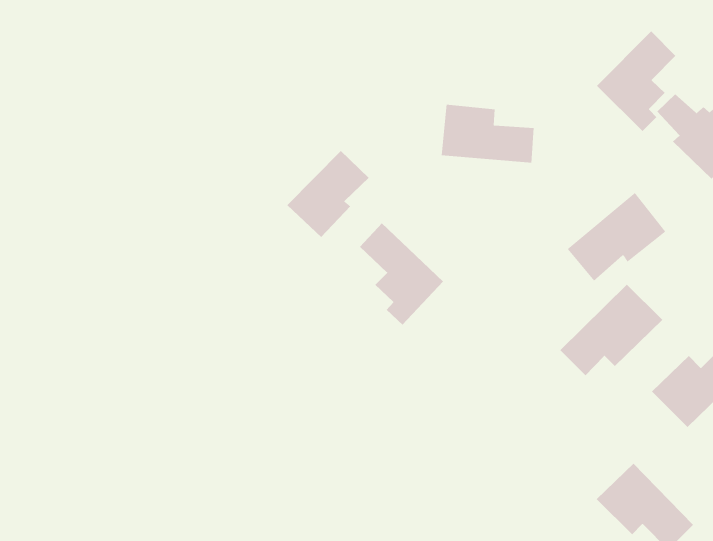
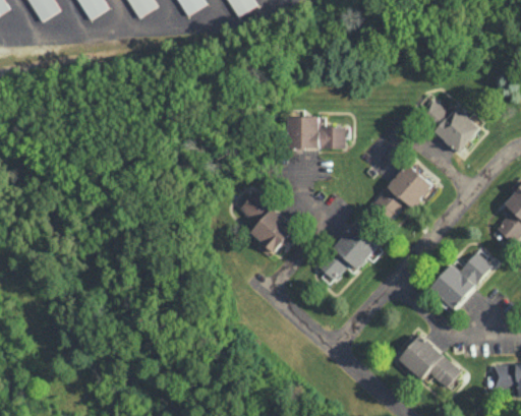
building: [596,30,676,132] -> none
building: [287,150,369,238] -> none
building: [560,284,663,376] -> [319,220,383,280]

